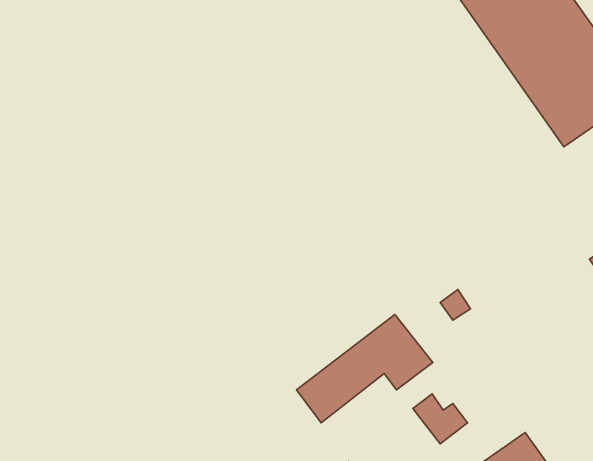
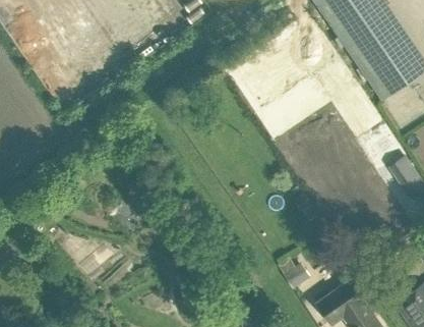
building: [296,314,433,423] -> none

